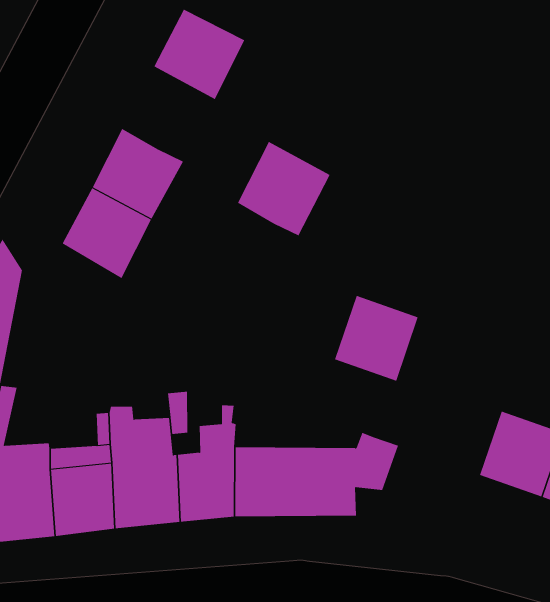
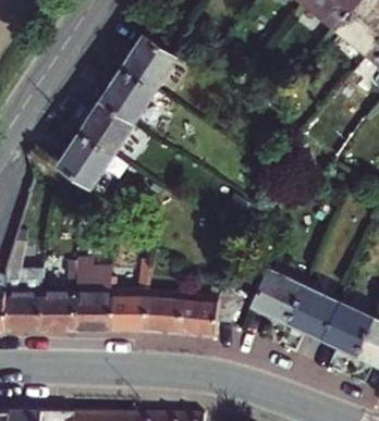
building: [237,141,331,236] -> [100,66,156,123]
building: [334,295,419,382] -> [252,269,303,321]

